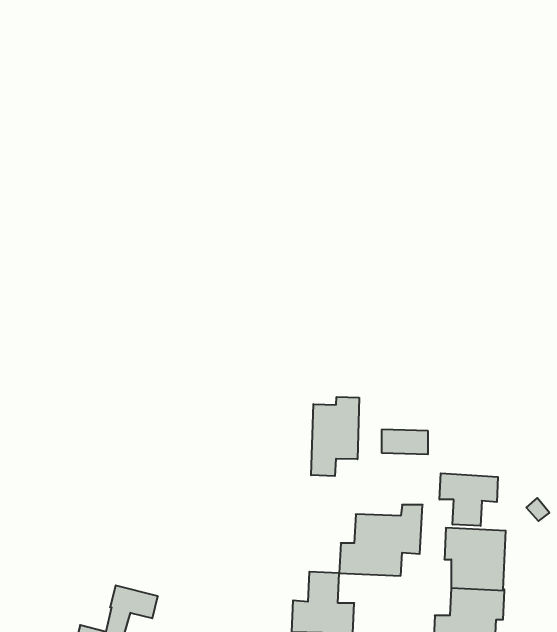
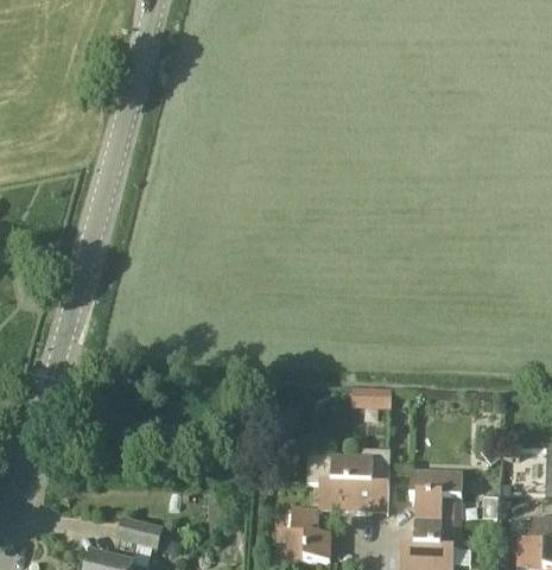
building: [311,397,359,476] -> none
building: [440,473,498,526] -> none

